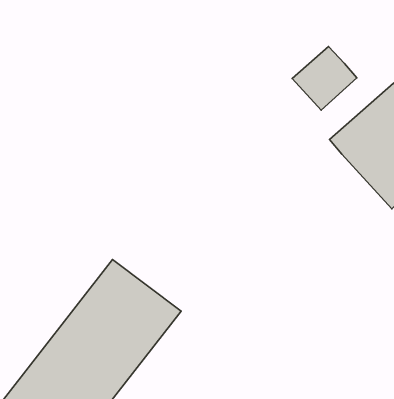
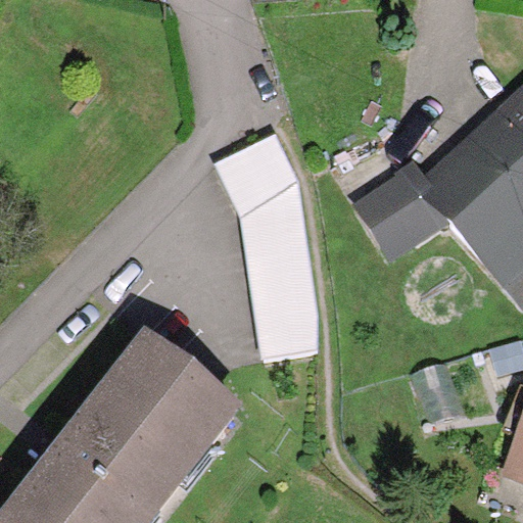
building: [292,46,357,110] -> [353,164,435,245]
building: none -> [213,134,314,347]

